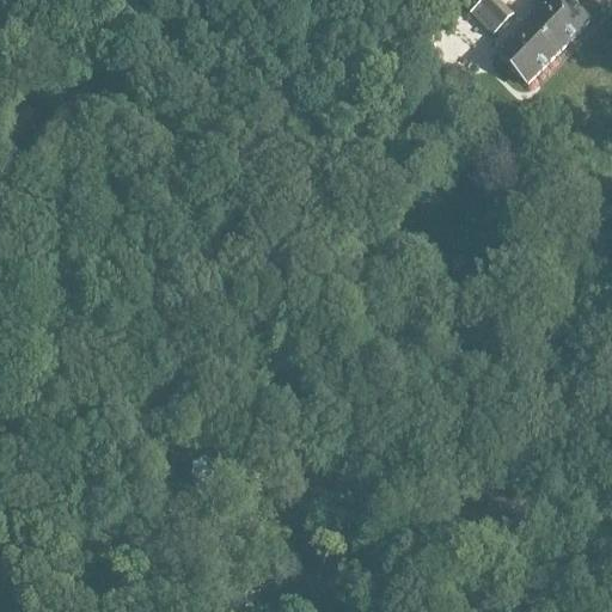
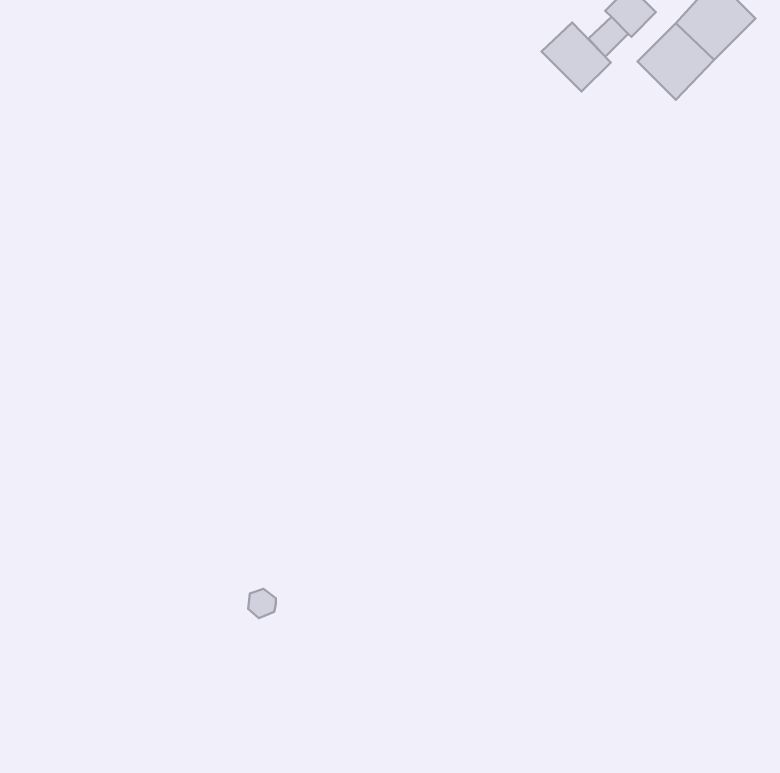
building: none -> [542,23,611,92]

